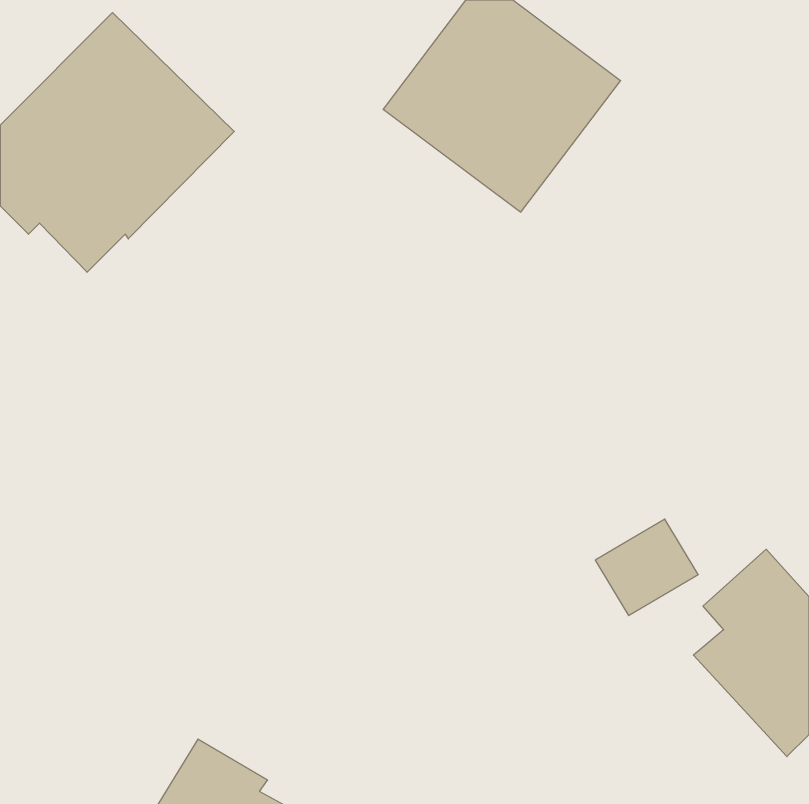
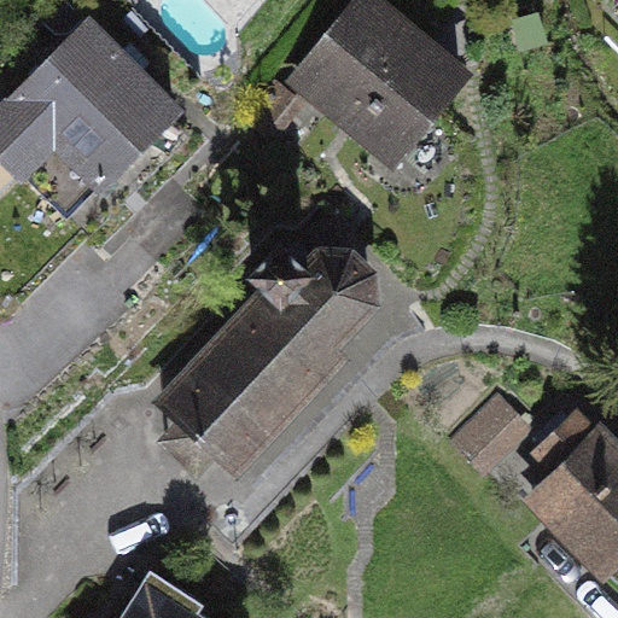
building: none -> [157,240,378,480]

